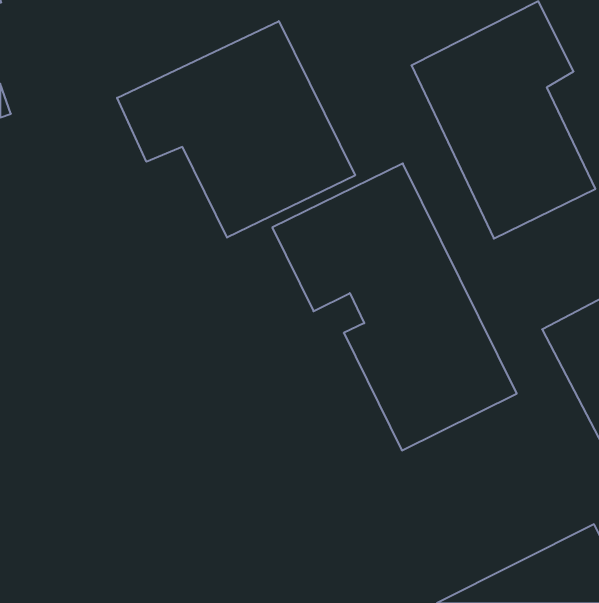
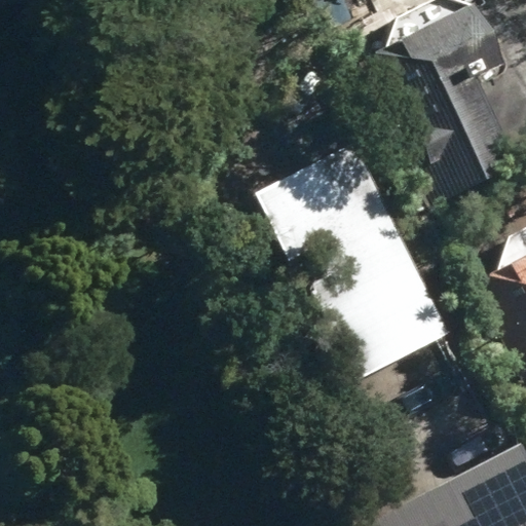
building: [117,21,355,238] -> none

